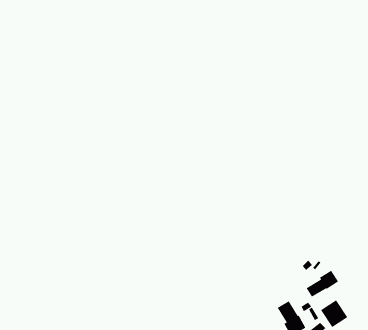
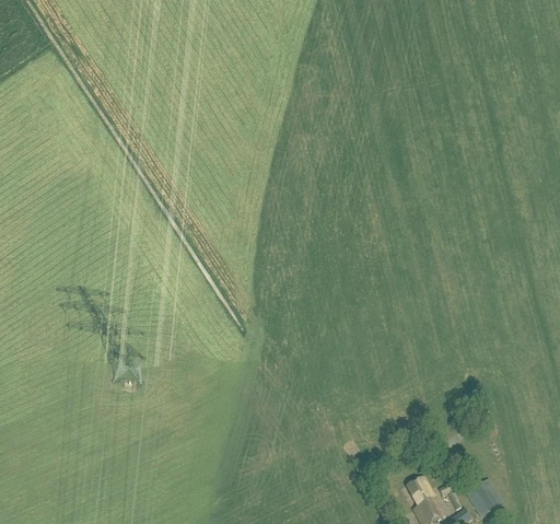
building: [306,270,339,298] -> none

